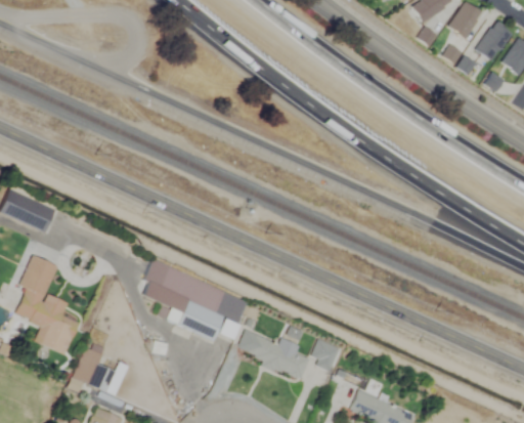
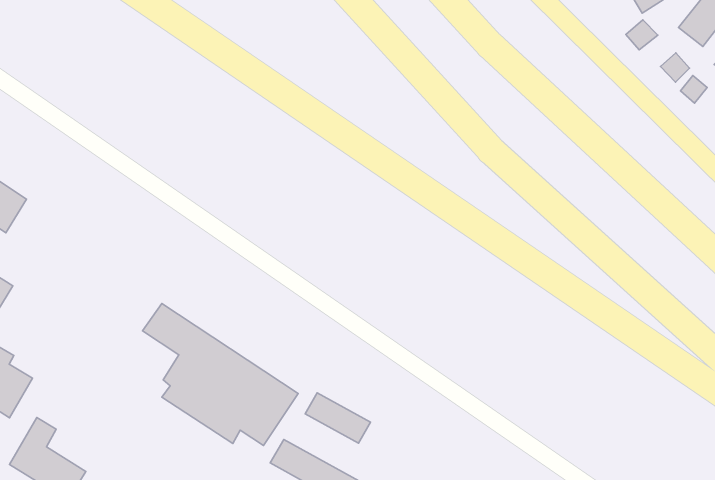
building: none -> [305,393,370,443]

